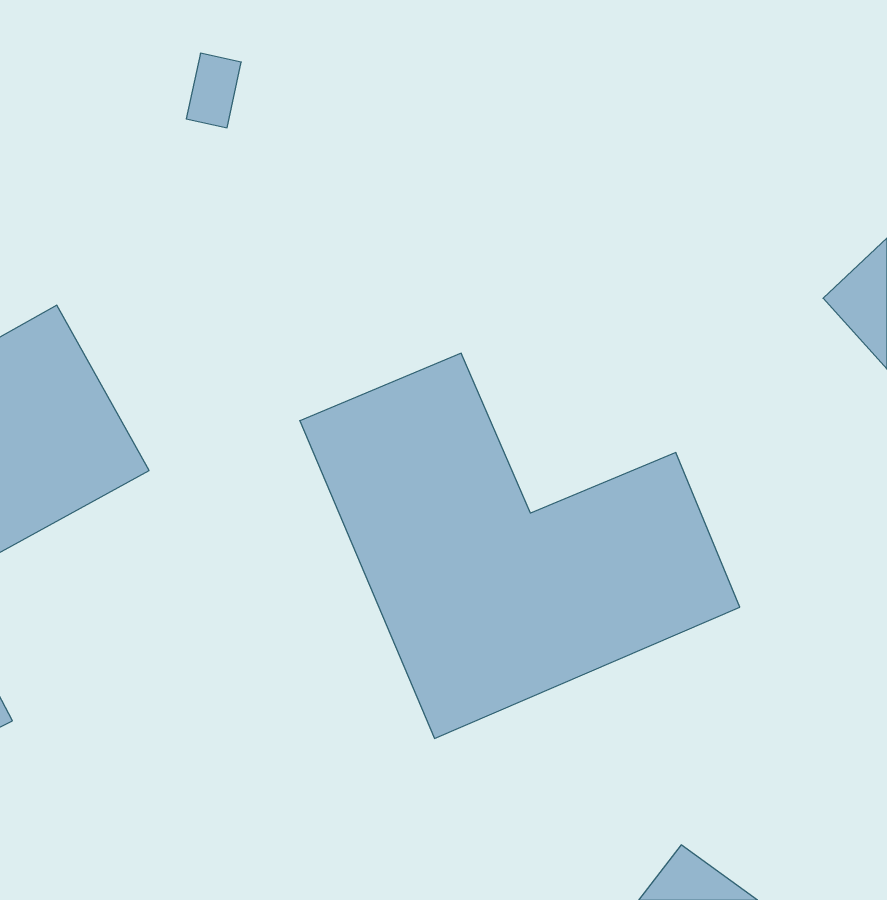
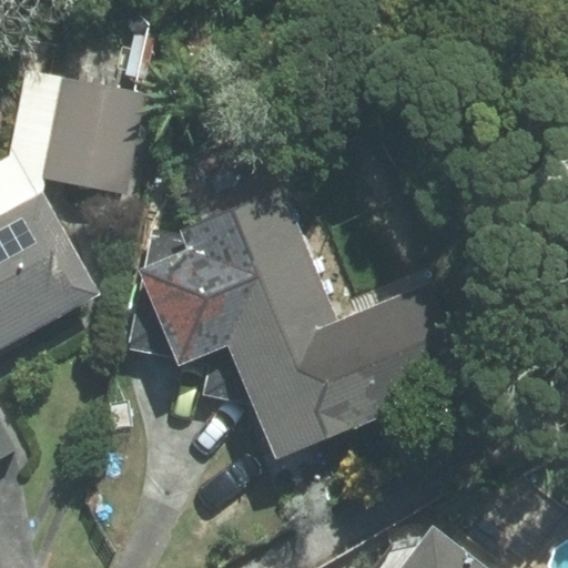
building: none -> [36,73,136,191]

